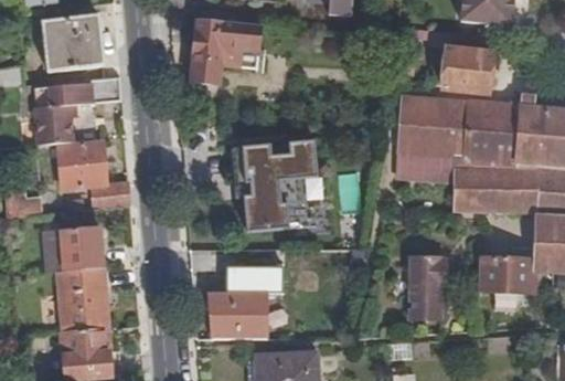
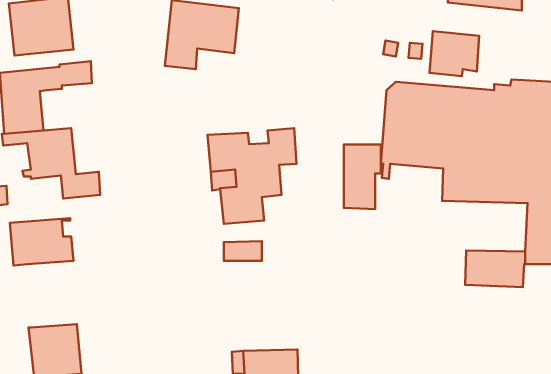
building: [411,256,446,318] -> [344,145,381,209]
building: [60,267,107,331] -> none
building: [209,293,267,339] -> none

